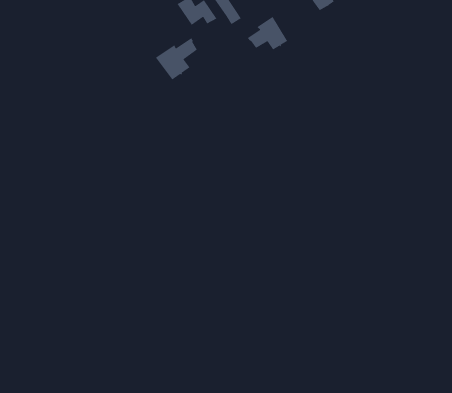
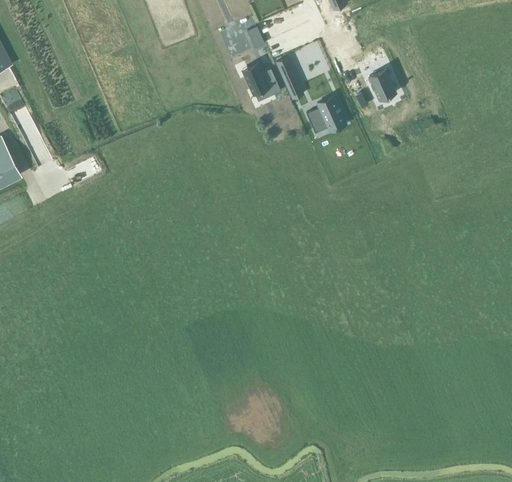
building: [155,37,198,80] -> none

